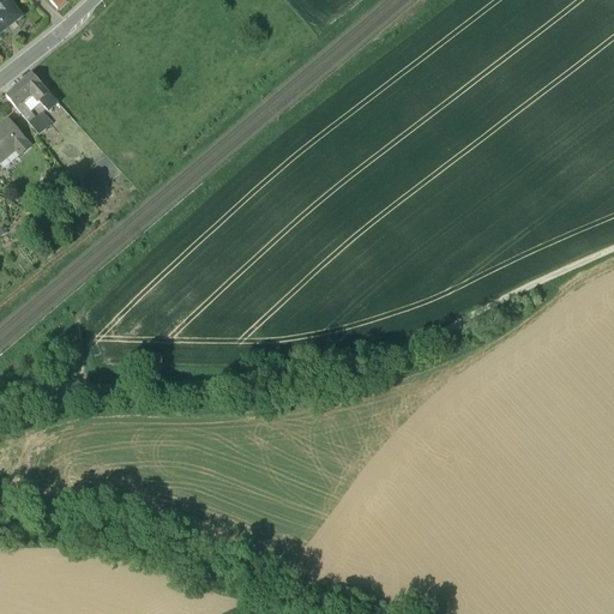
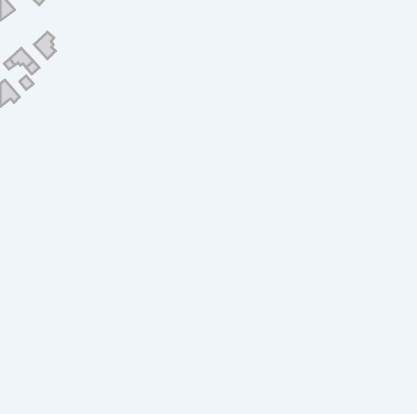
building: none -> [34,32,56,59]

